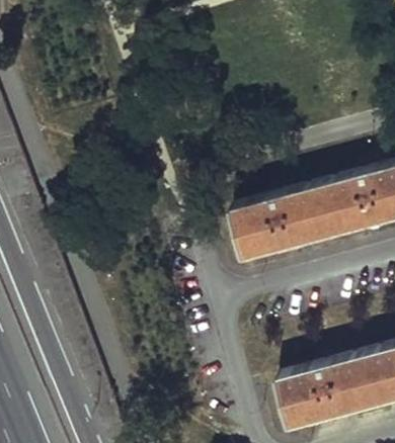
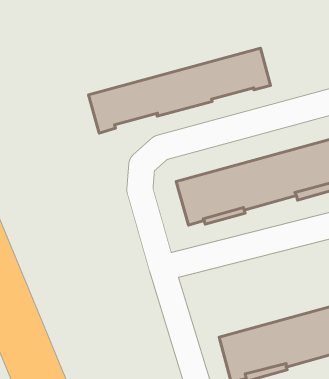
building: none -> [89,48,271,133]

